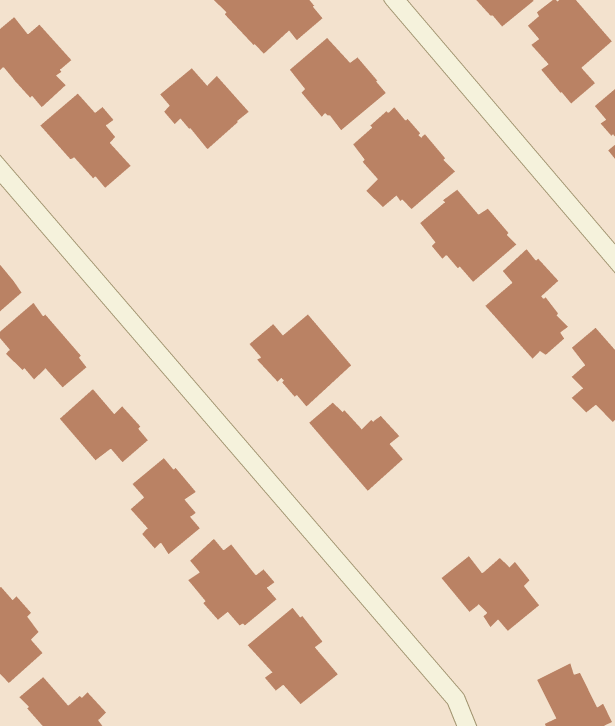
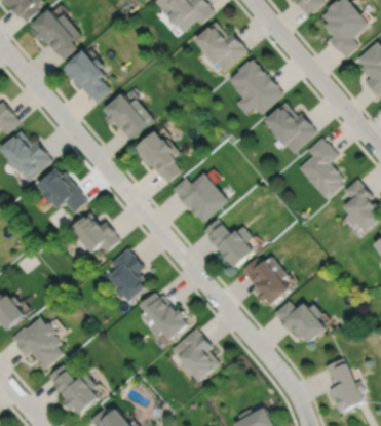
building: [159,68,249,150] -> [103,96,151,141]
building: none -> [134,133,180,184]
building: none -> [244,255,293,303]

